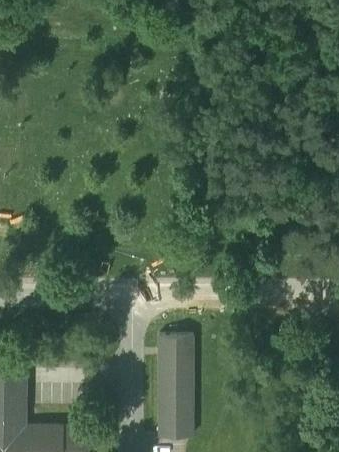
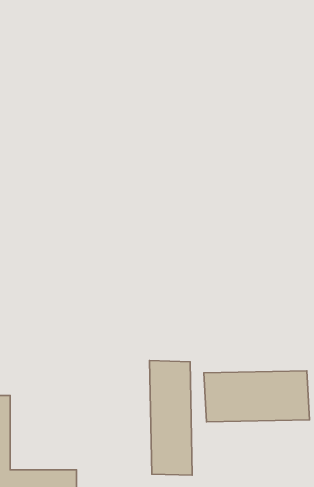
building: none -> [204,371,310,422]

